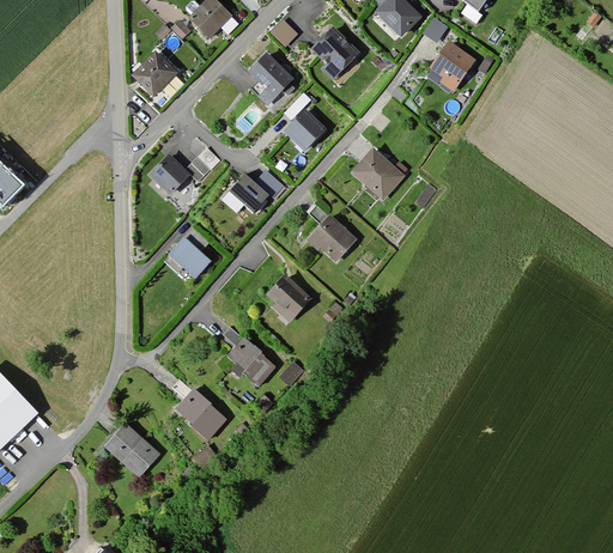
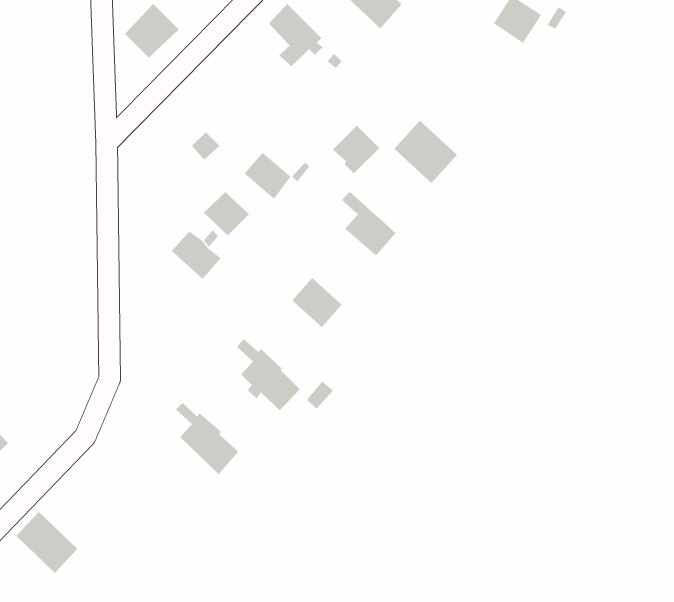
building: [286,110,326,151] -> [332,125,380,174]
building: [150,157,188,194] -> [203,191,250,236]
building: [107,424,158,475] -> [15,511,78,574]

